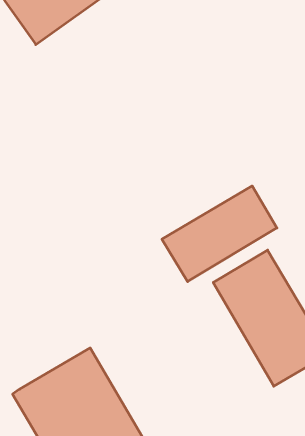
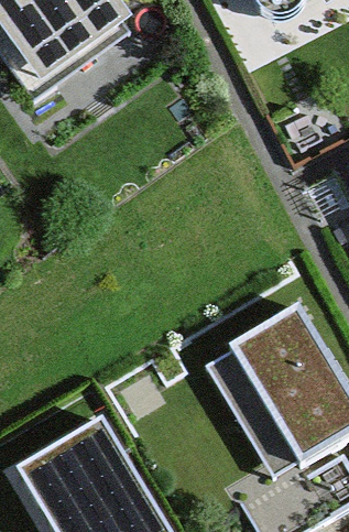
building: [162,186,277,282] -> none

